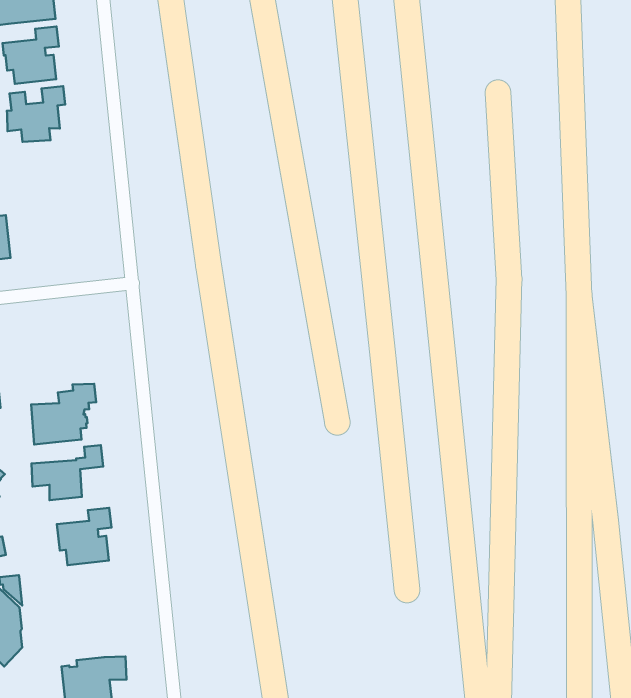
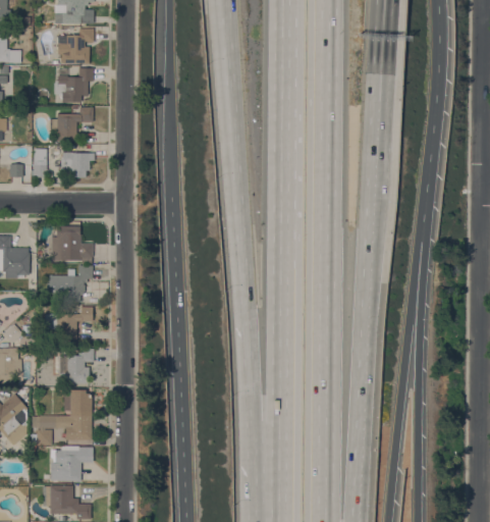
building: none -> [51,107,94,142]
building: none -> [61,152,95,178]
building: none -> [52,226,94,260]
building: none -> [32,390,92,445]

